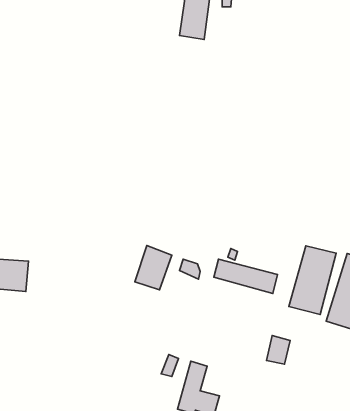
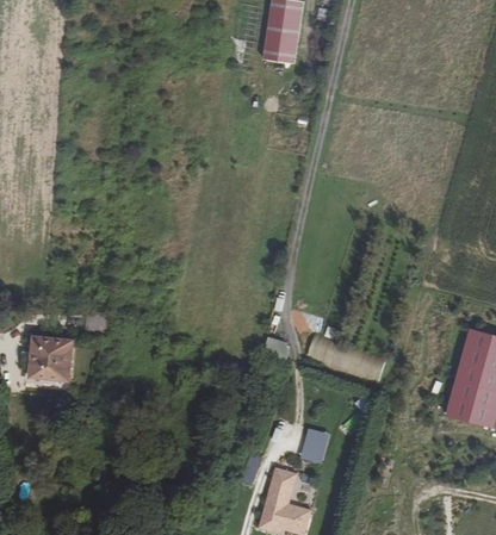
building: [135,245,172,290] -> none
building: [289,246,336,314] -> none
building: [266,336,290,364] -> [300,427,330,462]

